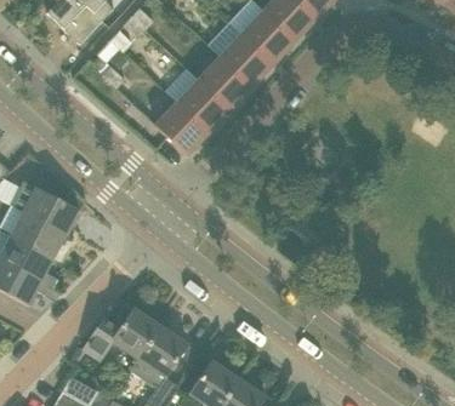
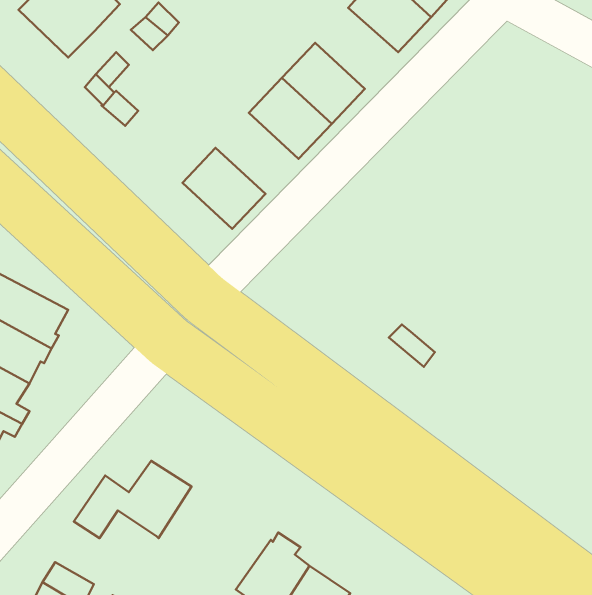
building: [241,10,296,63] -> none
building: [176,79,231,132] -> none
building: [129,325,187,387] -> none

